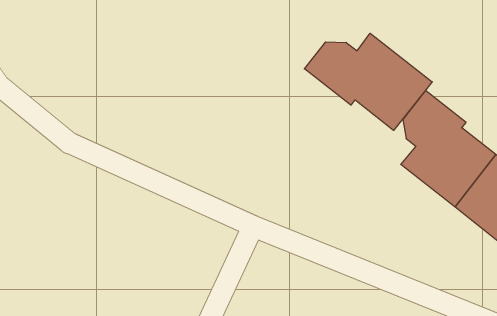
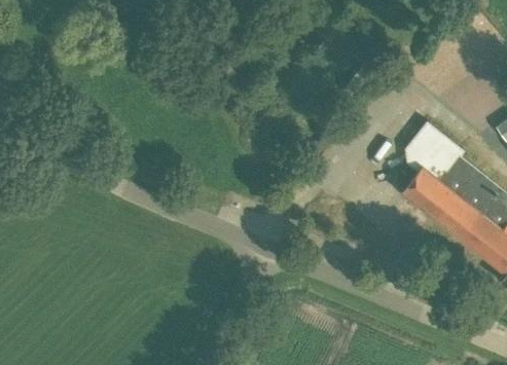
building: [304,33,432,130] -> none

